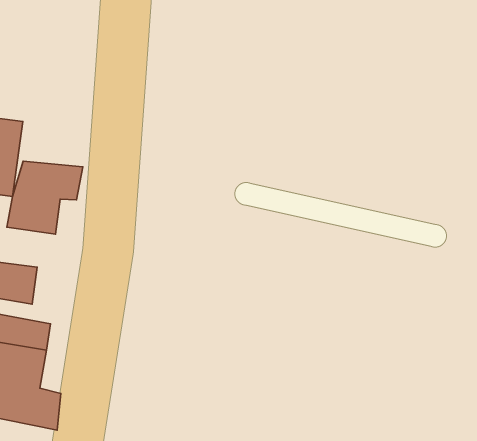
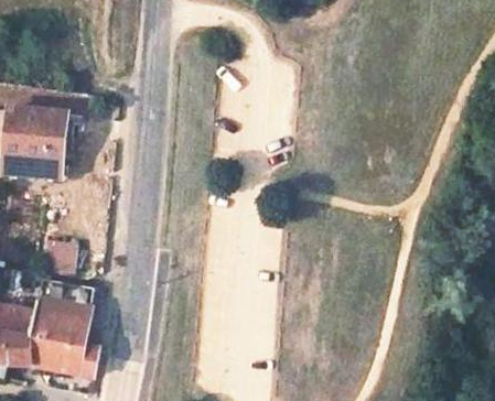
building: [7,161,83,234] -> none

